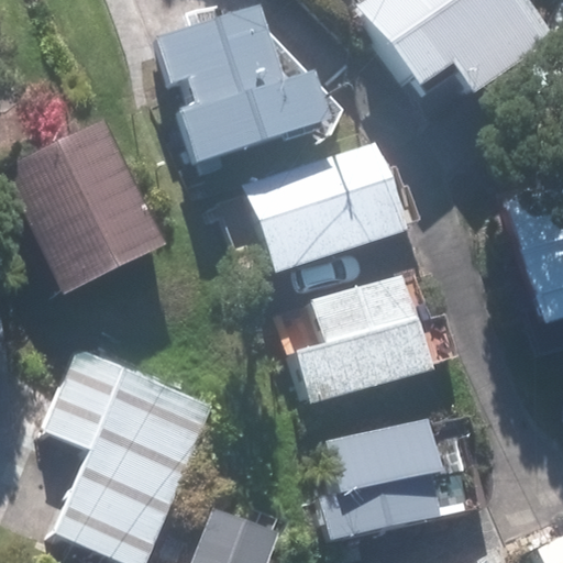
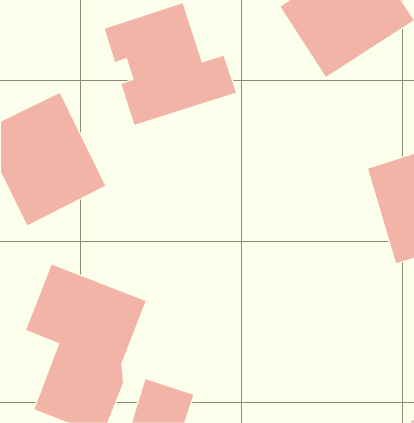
building: [246,148,406,283] -> none
building: [290,268,424,405] -> none
building: [324,420,450,540] -> none

